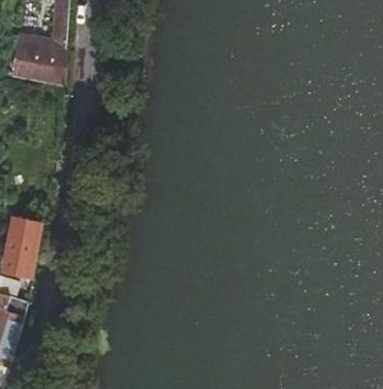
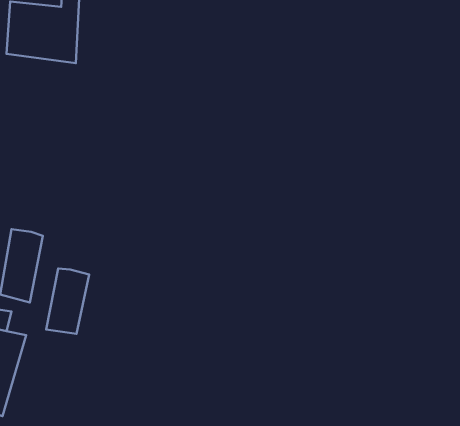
building: none -> [46,269,89,334]

